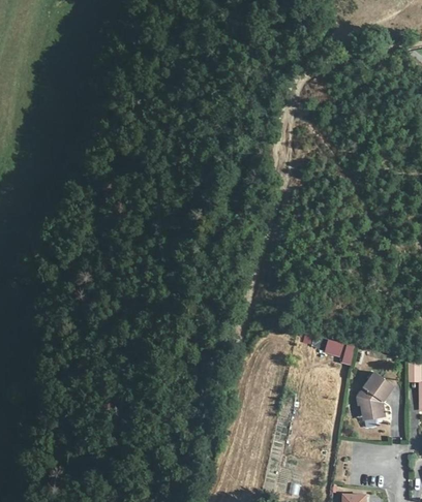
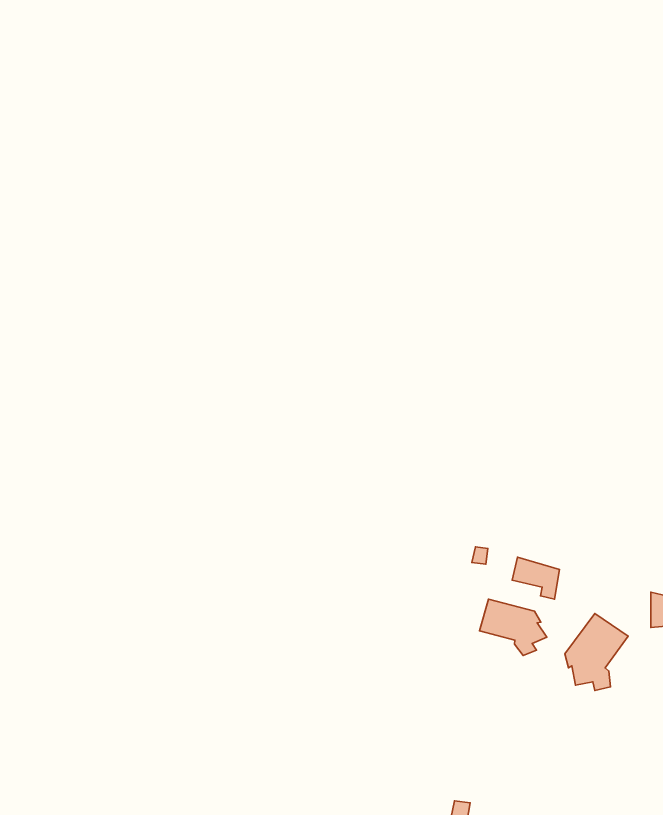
building: none -> [479,599,547,656]

